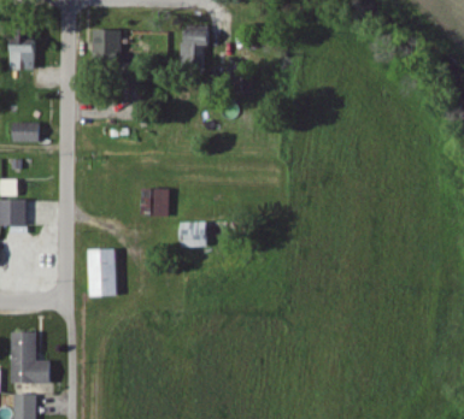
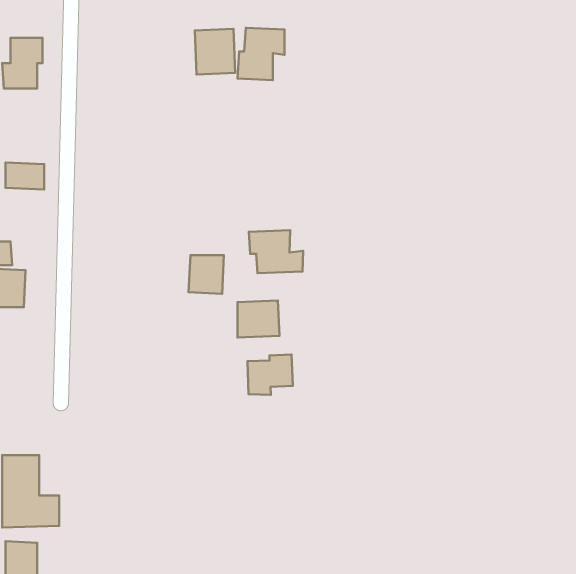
building: [92,28,121,60] -> [195,29,235,74]
building: none -> [249,230,303,273]
building: [88,248,117,296] -> none
building: none -> [247,355,293,395]

